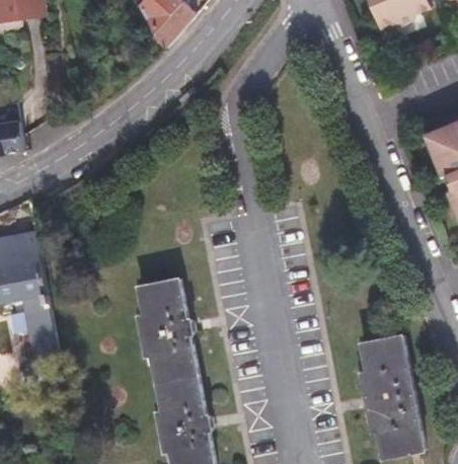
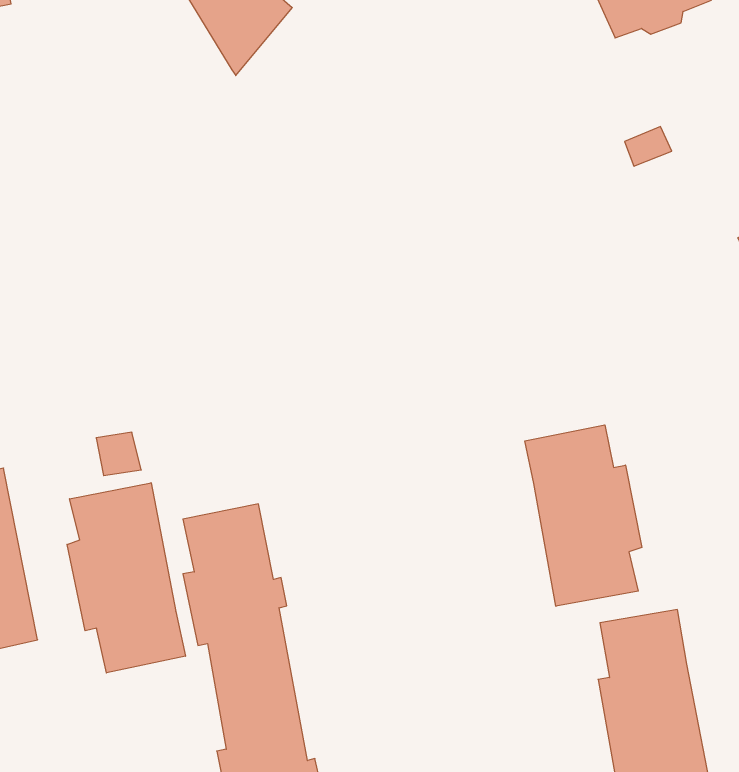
building: none -> [525,425,642,606]
building: none -> [67,483,185,673]

